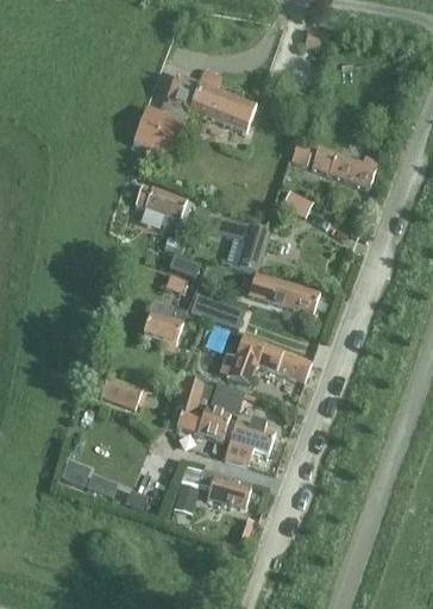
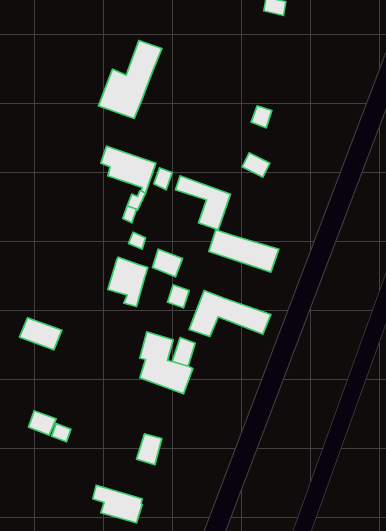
building: [189,68,255,128] -> none
building: [312,145,377,186] -> none
building: [99,373,143,407] -> [19,318,62,350]
building: [225,420,275,464] -> none
building: [199,469,250,508] -> [93,485,142,523]

